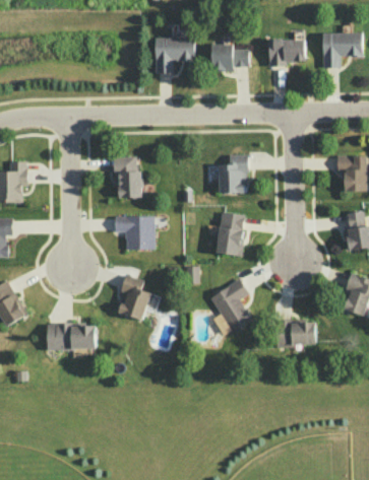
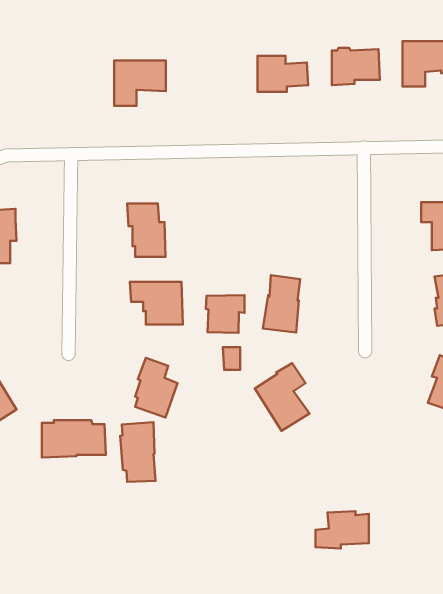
building: [155,38,194,72] -> [114,60,166,106]
building: [219,154,248,193] -> none
building: none -> [206,295,244,333]
building: [274,319,315,347] -> [316,511,369,549]
building: none -> [120,422,155,482]

